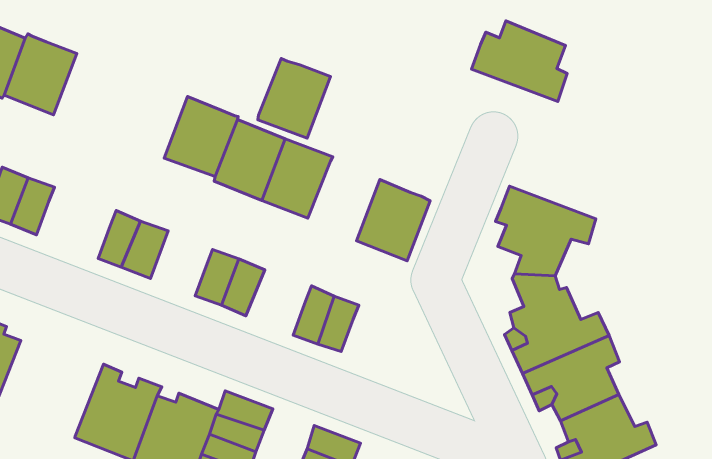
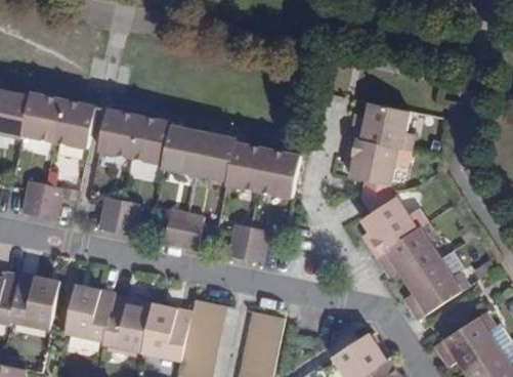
building: [471,21,567,102] -> [348,106,409,151]
building: none -> [55,101,96,149]
building: [258,58,331,138] -> [225,142,266,190]
building: none -> [98,111,137,158]
building: none -> [65,286,113,341]

